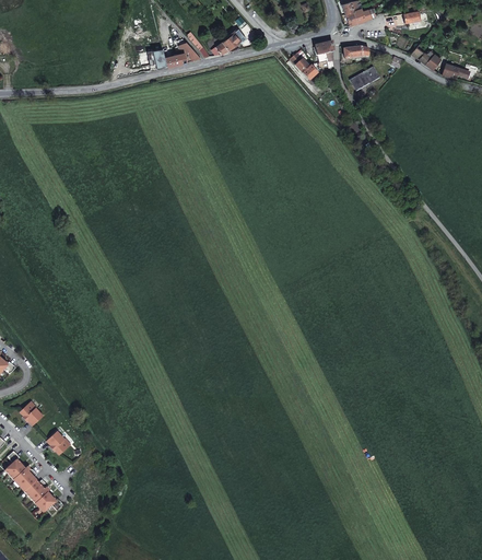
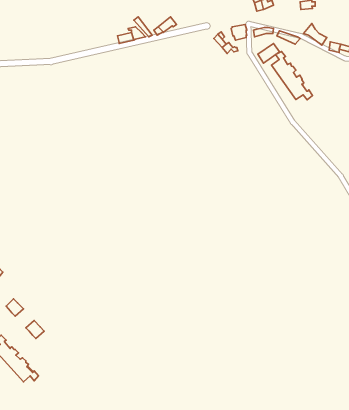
building: none -> [272,51,313,100]

